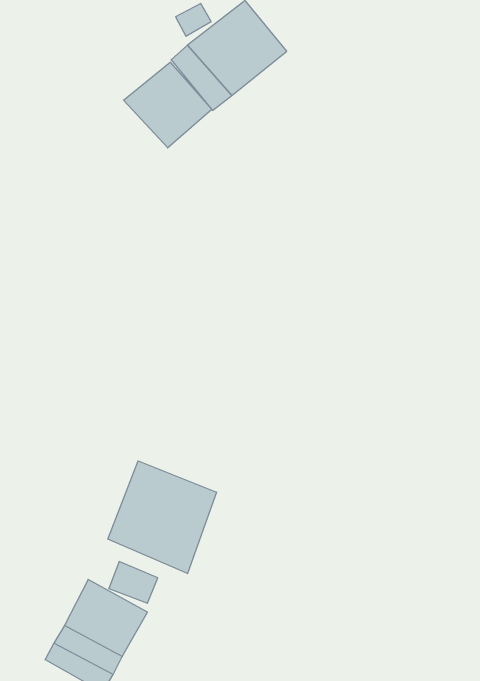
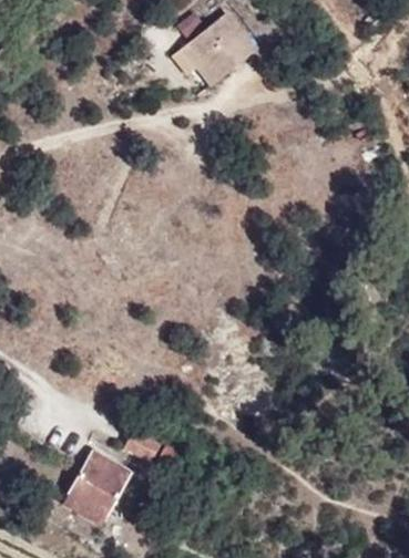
building: [124,62,212,148] -> none
building: [108,461,216,574] -> none

